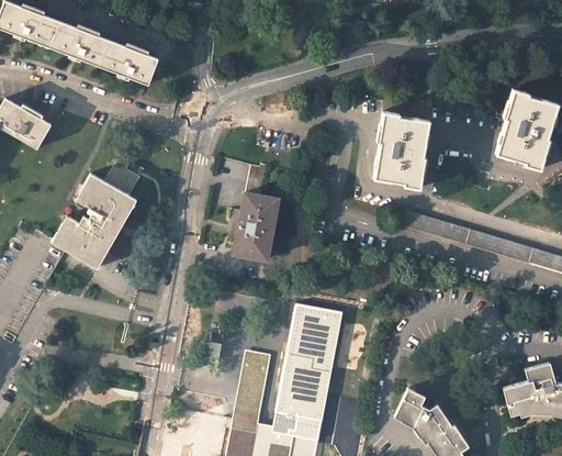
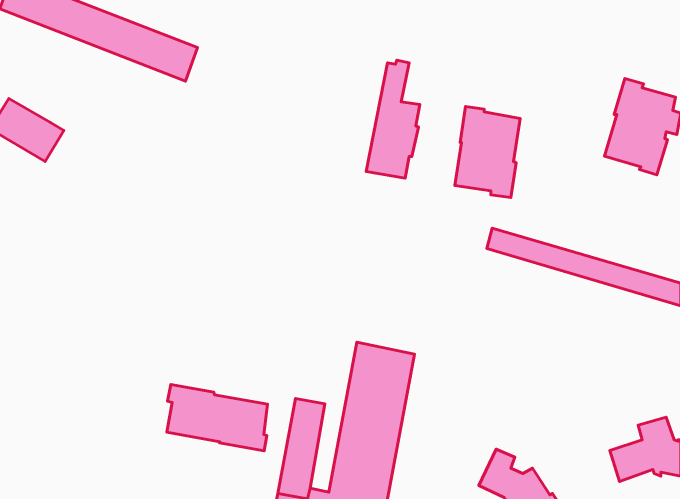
building: [53,160,143,274] -> none
building: [234,162,278,258] -> [366,60,420,178]
building: none -> [167,385,268,451]

